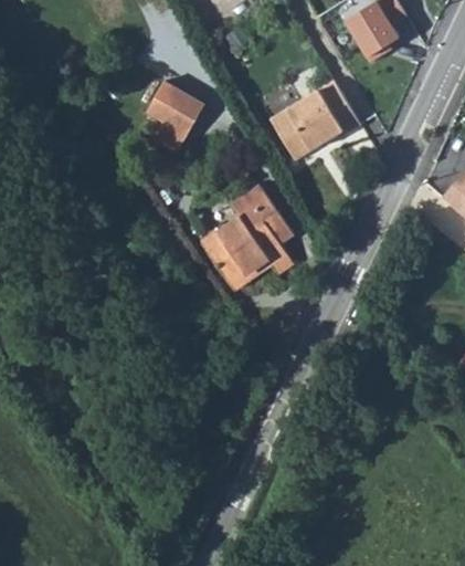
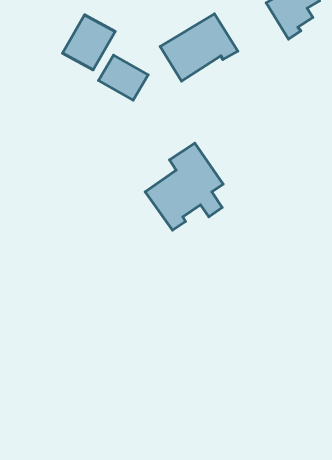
building: none -> [63,15,115,70]
building: [271,80,362,159] -> [160,14,238,81]

